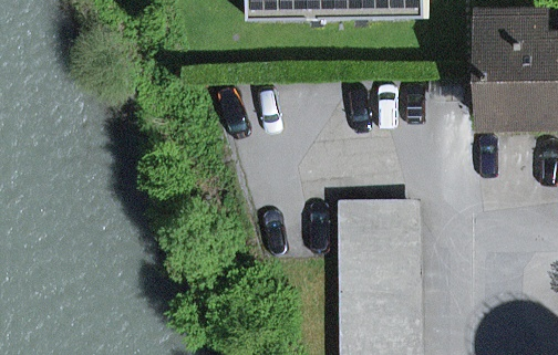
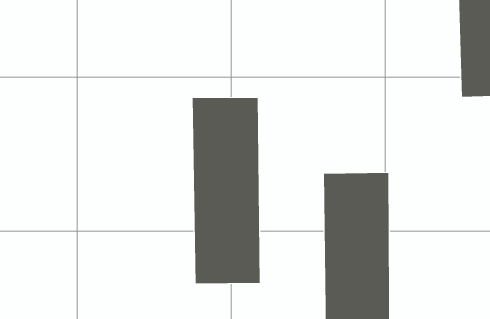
building: none -> [192,97,260,284]

